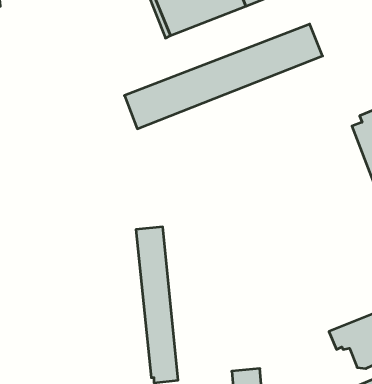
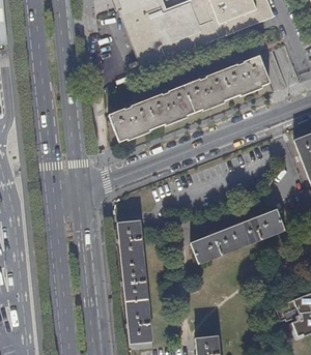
building: none -> [191,209,284,263]

